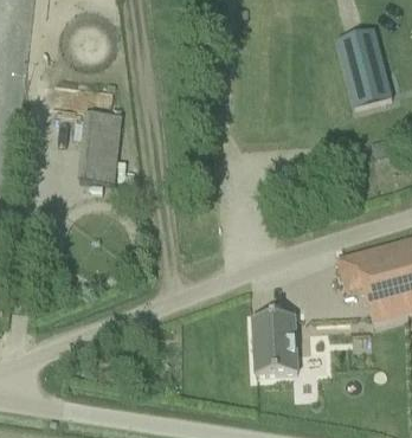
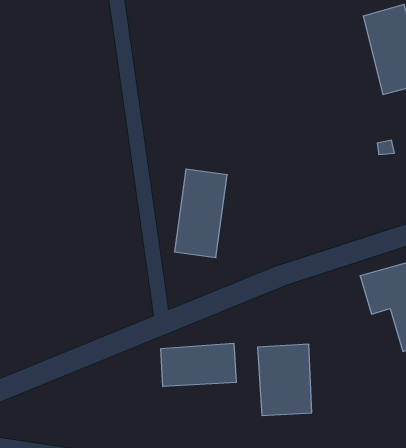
building: [81,109,124,182] -> [175,169,227,258]
building: none -> [161,343,236,387]

